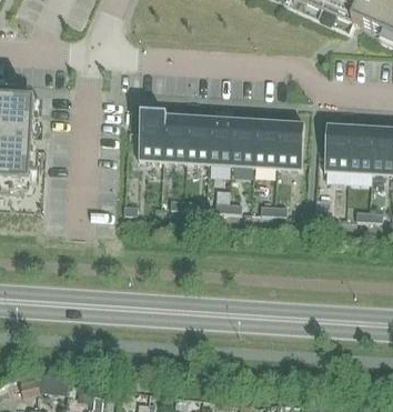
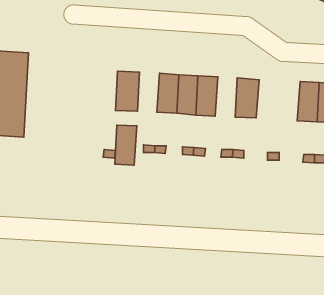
building: [163,115,189,162] -> [115,125,137,165]
building: [253,121,279,168] -> none
building: [323,125,352,172] -> none

